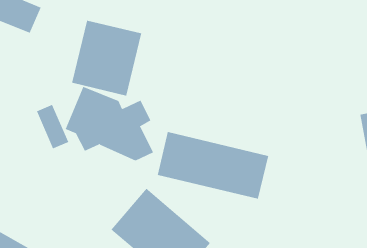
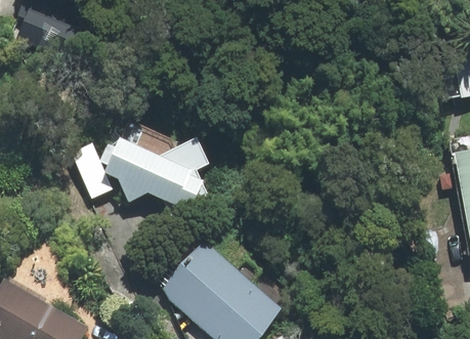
building: [72,20,142,96] -> none
building: [157,131,269,199] -> none

